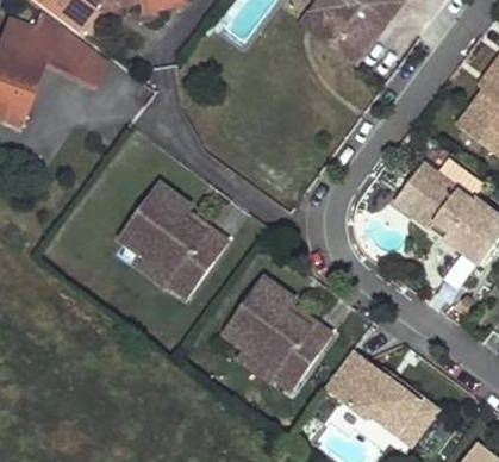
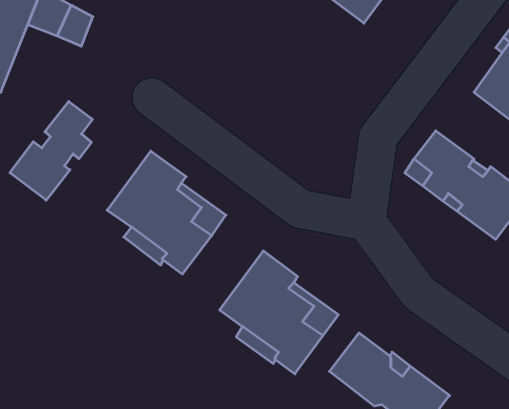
building: none -> [10,101,92,200]

